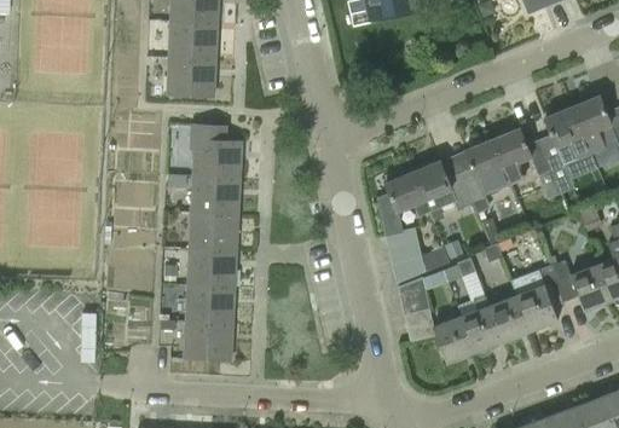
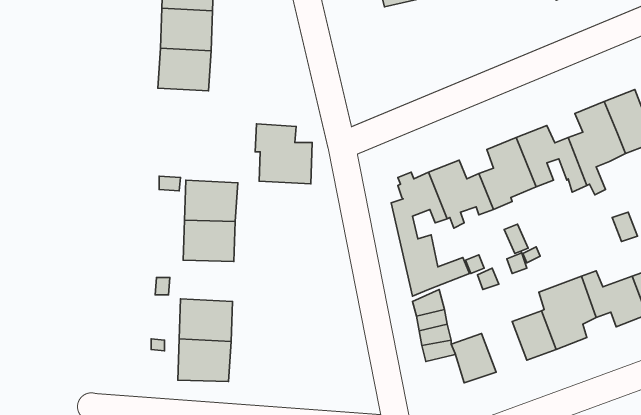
building: [189,126,241,180] -> [255,124,312,184]
building: [187,250,236,288] -> none
building: [461,306,502,357] -> none

